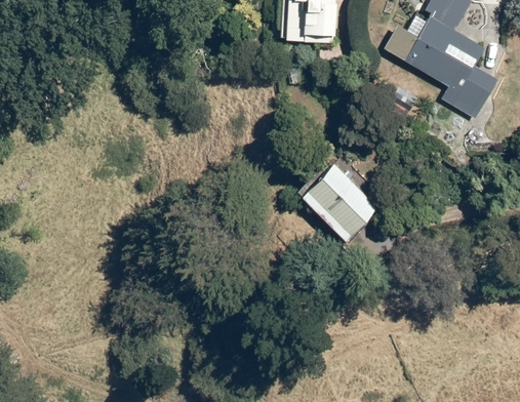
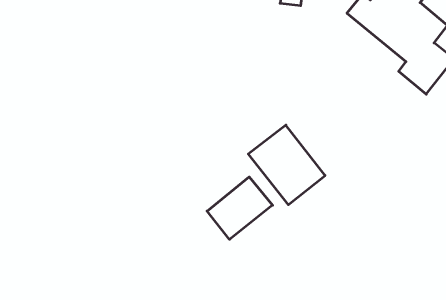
building: none -> [207,177,273,239]

